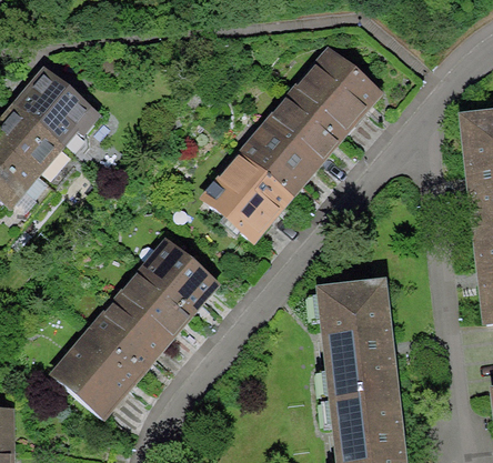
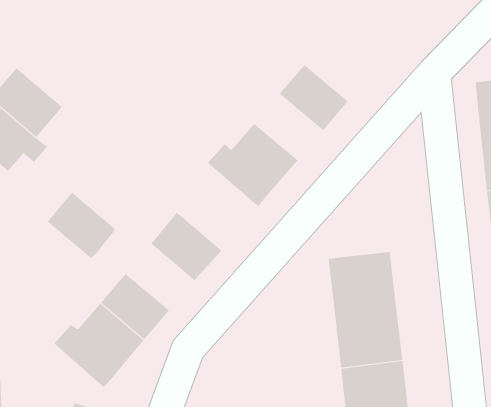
building: [291,54,380,137] -> none
building: [17,70,97,142] -> none
building: [249,129,316,194] -> none
building: [123,275,191,341] -> [47,192,116,259]

